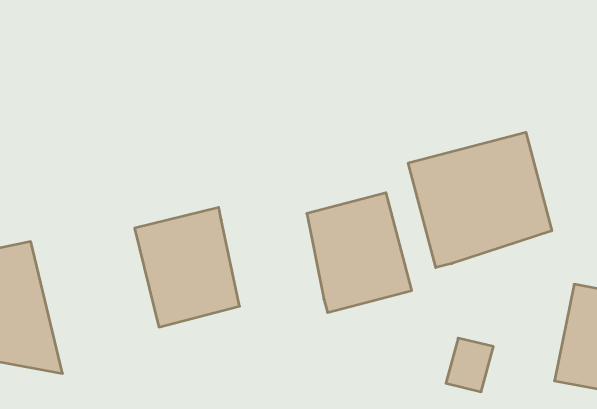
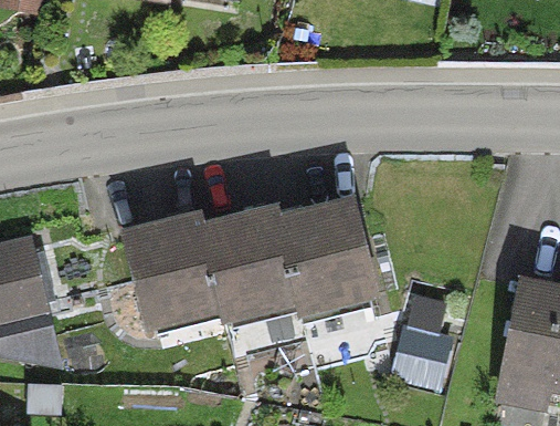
building: [408,132,552,268] -> none
building: none -> [201,215,294,323]

